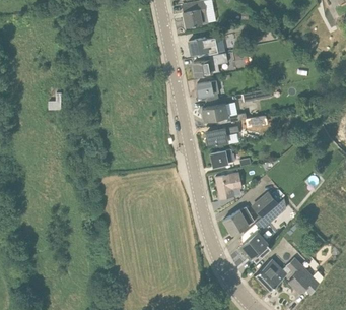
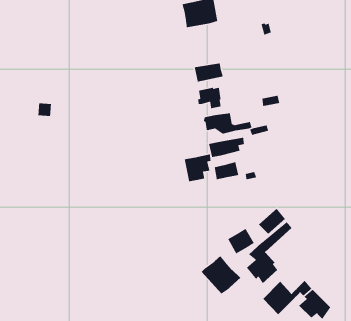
building: [188,38,218,58] -> none
building: [215,173,240,199] -> [184,153,212,182]
building: none -> [201,255,241,294]

